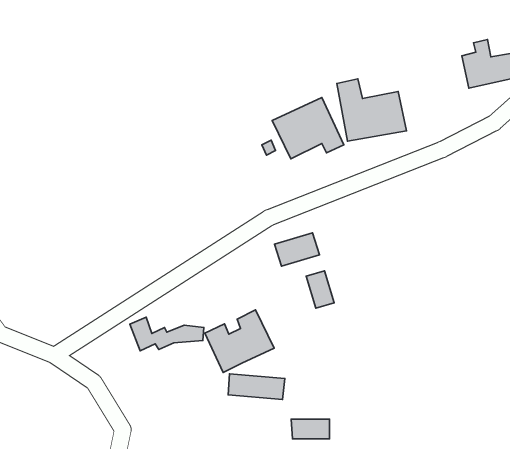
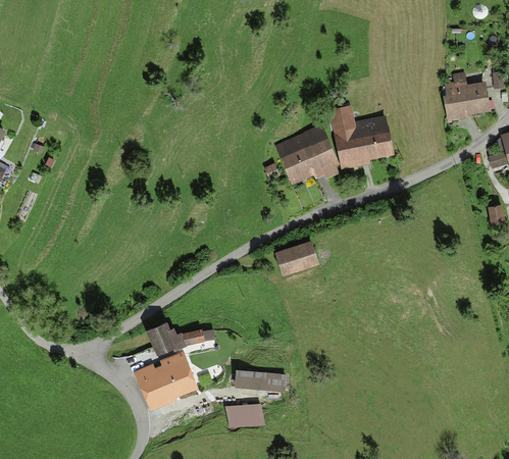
building: [306,271,334,308] -> none
building: [205,310,274,372] -> [135,352,196,407]
building: [291,419,329,439] -> [227,405,261,422]

